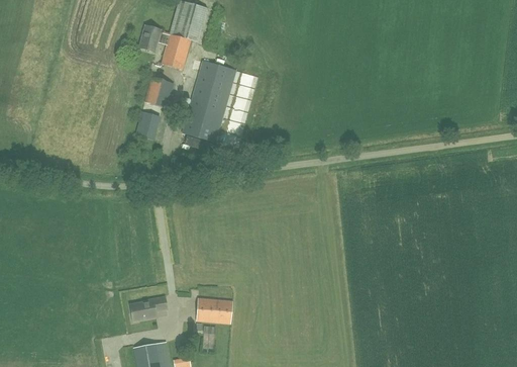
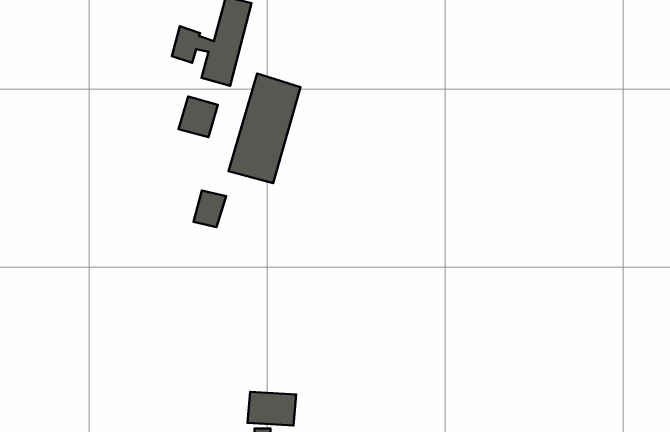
building: [135,112,160,140] -> [194,191,226,227]
building: [129,297,167,320] -> none

